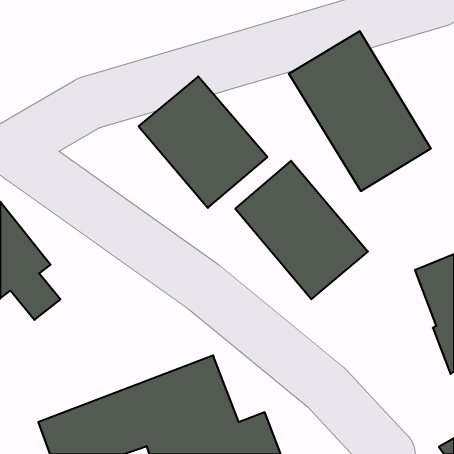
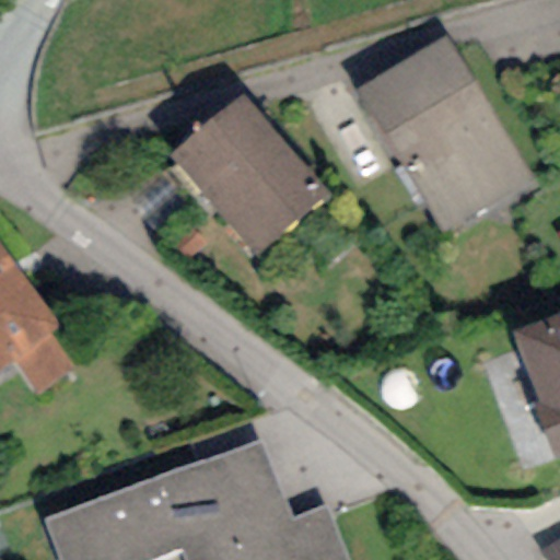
building: [235,161,368,299] -> none

